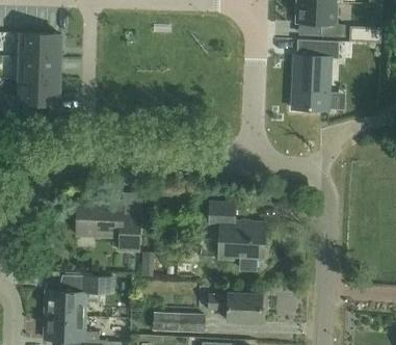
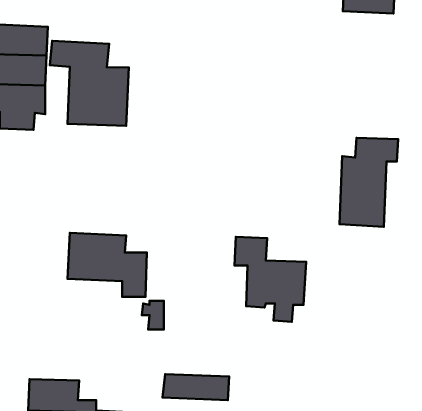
building: [292,39,339,110] -> [340,138,398,227]
building: none -> [50,41,129,126]
building: [46,275,113,316] -> none
building: [208,294,263,322] -> none

